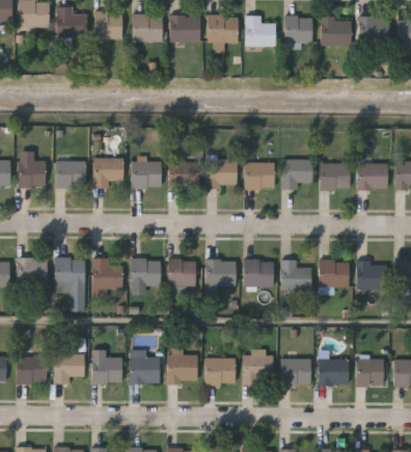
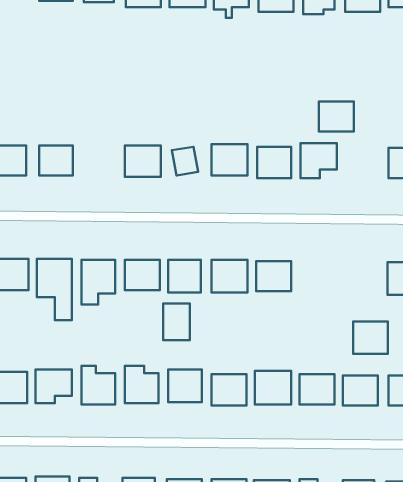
building: [92,158,124,188] -> none
building: [320,163,350,189] -> [319,101,354,132]
building: [319,260,349,288] -> [353,321,388,354]
building: [281,261,310,290] -> none
building: none -> [163,304,190,340]

